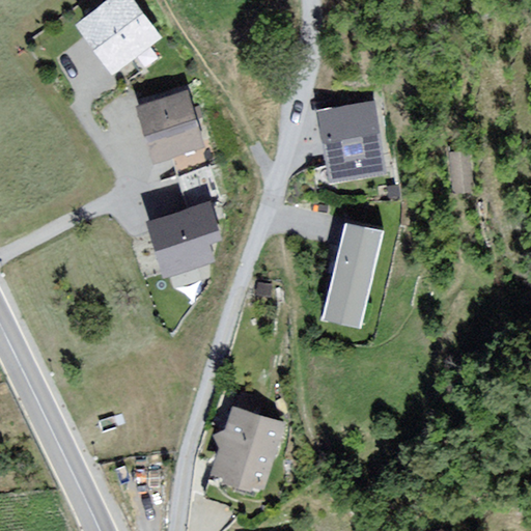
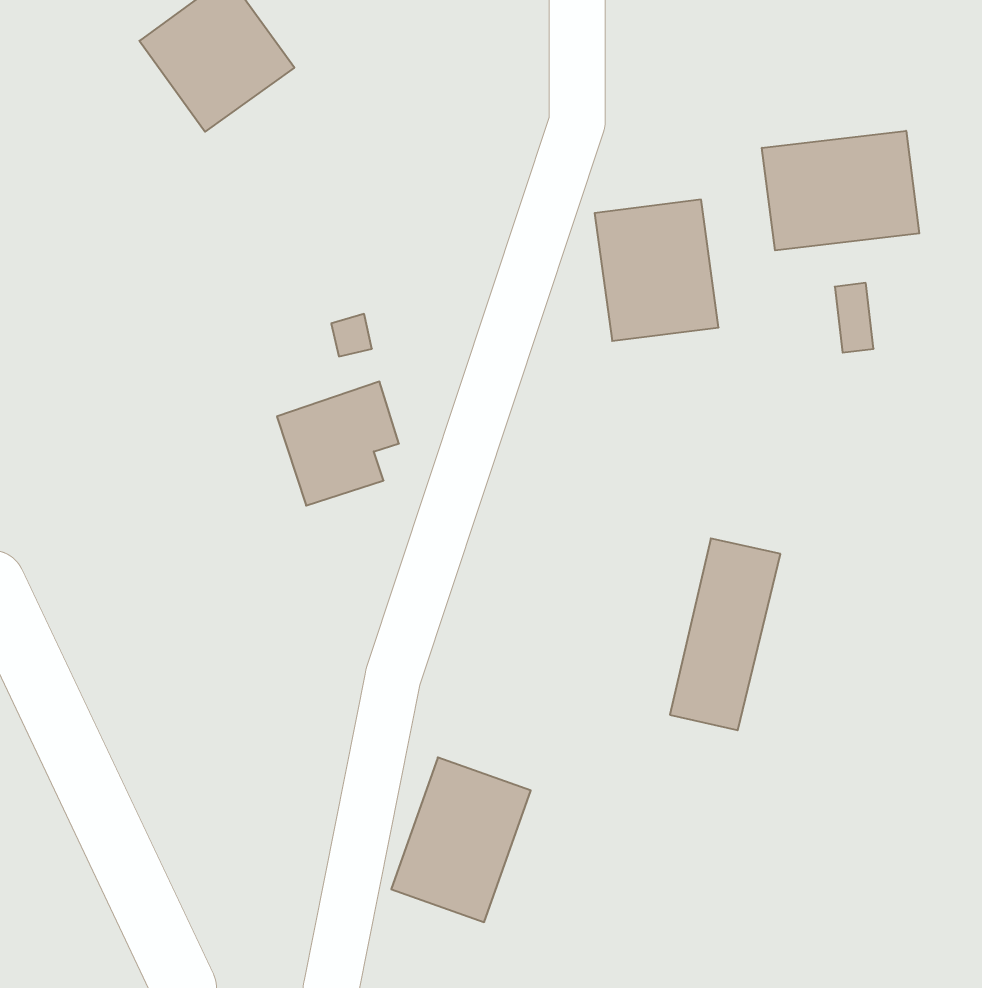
building: none -> [762,131,919,250]
building: [139,90,201,156] -> none
building: [324,222,383,325] -> [670,538,780,730]

